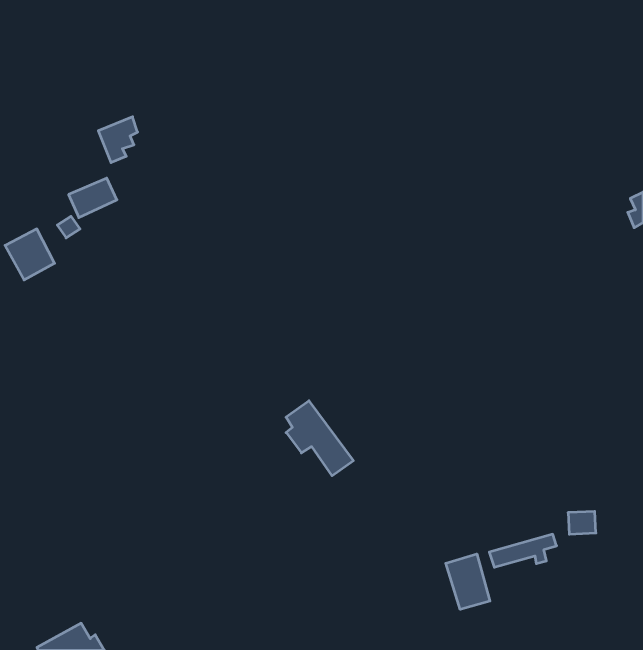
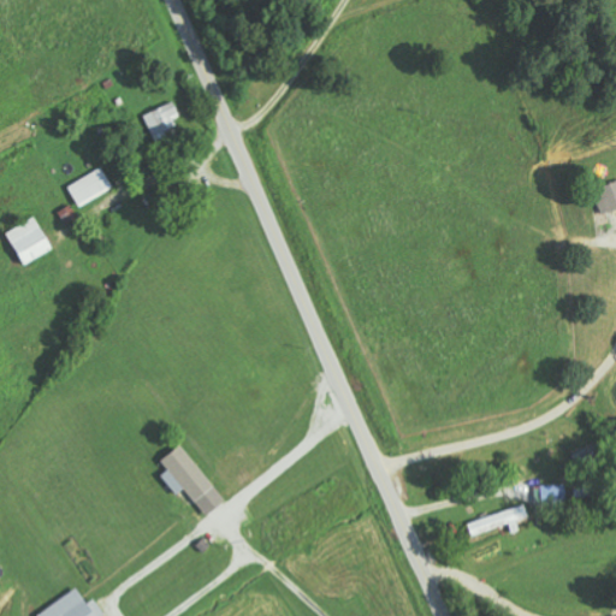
building: [98,117,138,163] -> [140,101,177,144]
building: [286,401,353,476] -> [159,445,223,516]
building: [446,554,490,609] -> none

